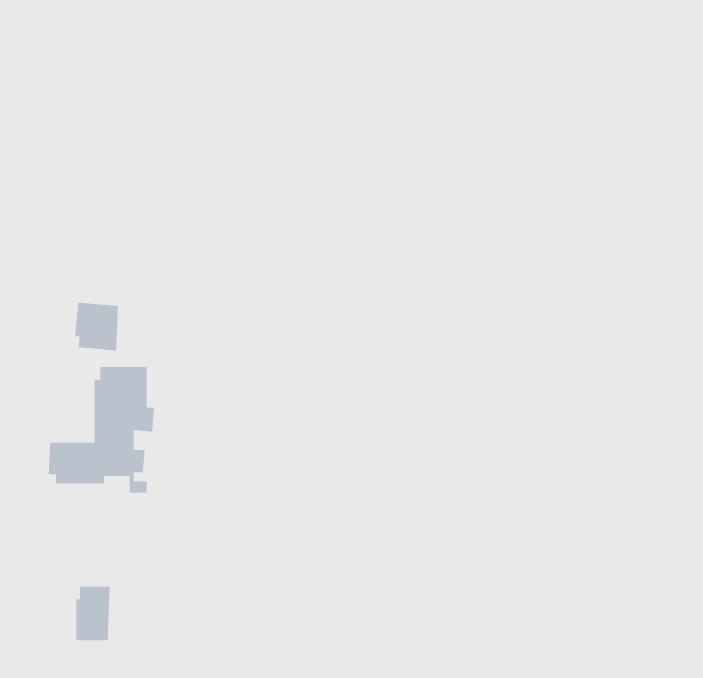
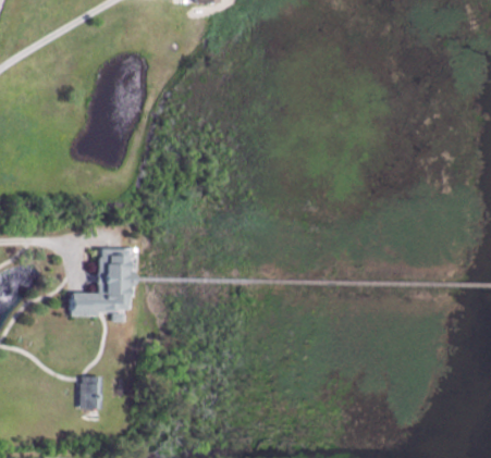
building: [74,302,119,351] -> none

